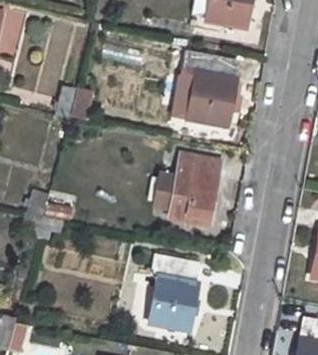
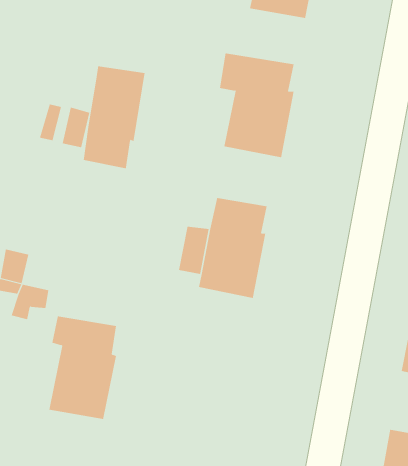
building: none -> [83,65,145,169]
building: [148,257,197,330] -> [49,316,117,420]

